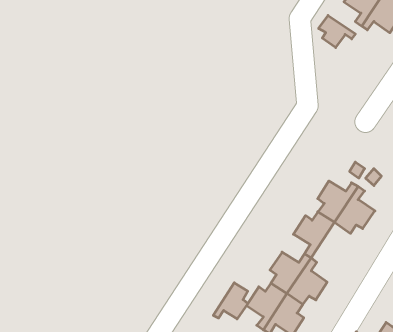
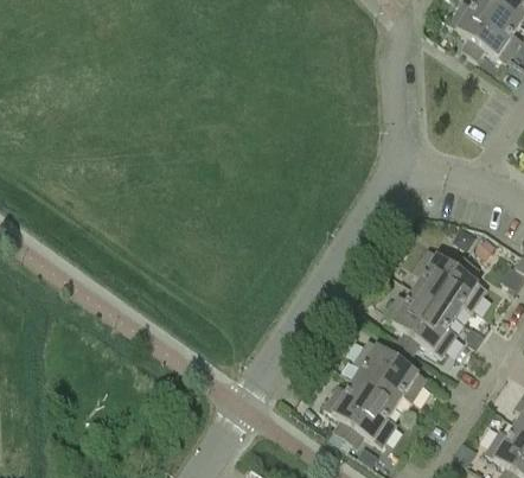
building: [319,15,355,48] -> none
building: none -> [407,302,458,356]
building: [213,283,248,319] -> none

